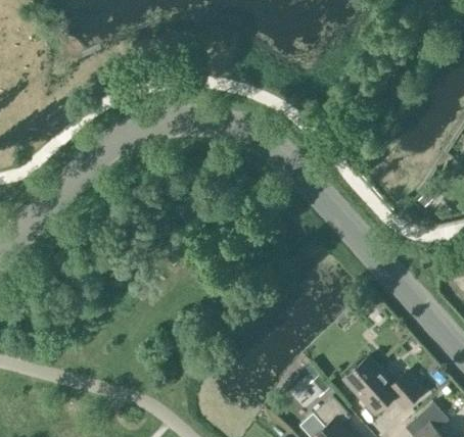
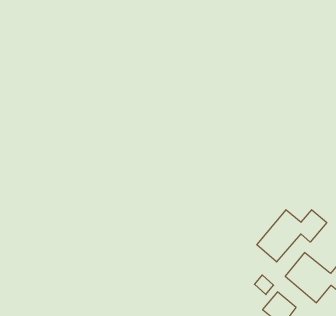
building: none -> [257,210,327,262]

